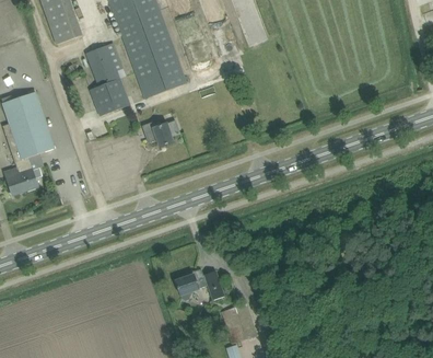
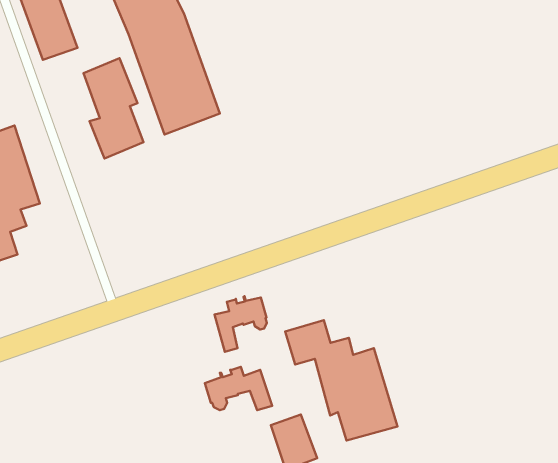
building: [141,119,172,147] -> none
building: none -> [214,296,267,352]
building: none -> [285,320,397,441]

